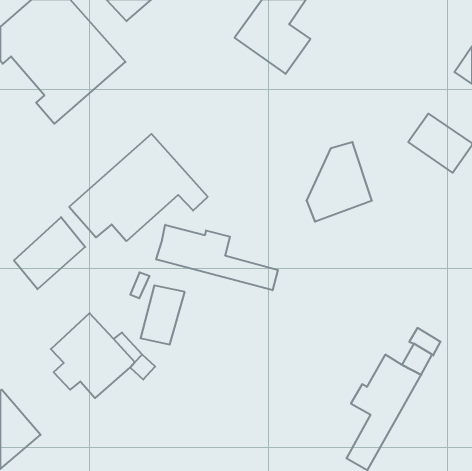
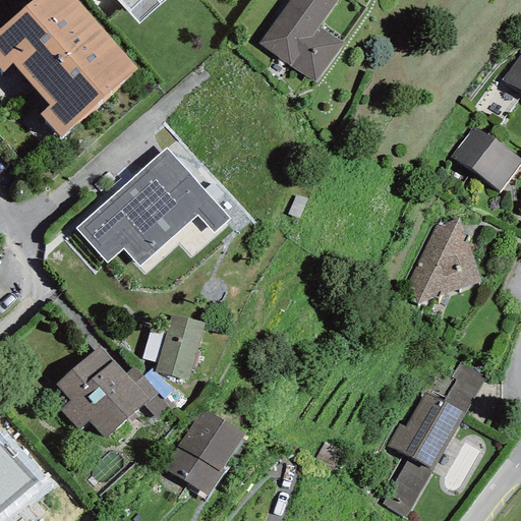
building: [306,142,372,222] -> [408,217,480,304]
building: [14,217,85,289] -> none
building: [156,225,278,290] -> none
building: none -> [162,408,244,496]

